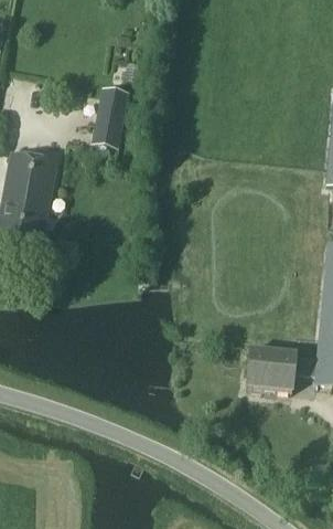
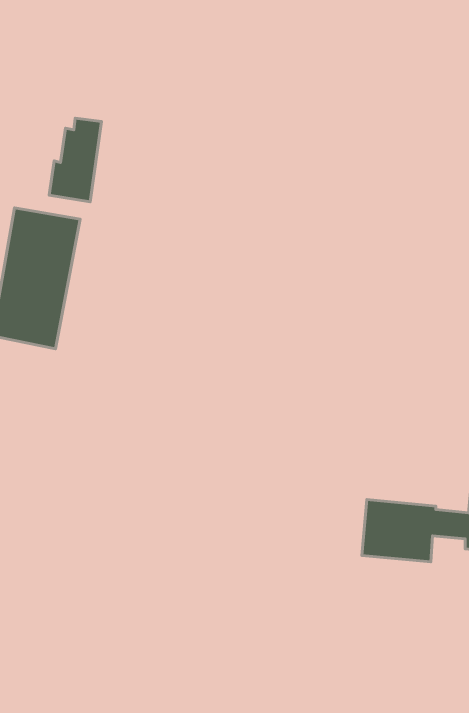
building: [90,89,126,146] -> [49,118,102,202]

